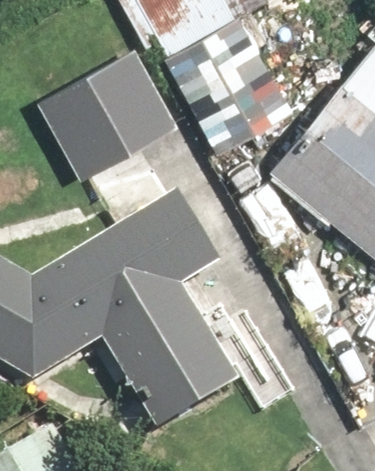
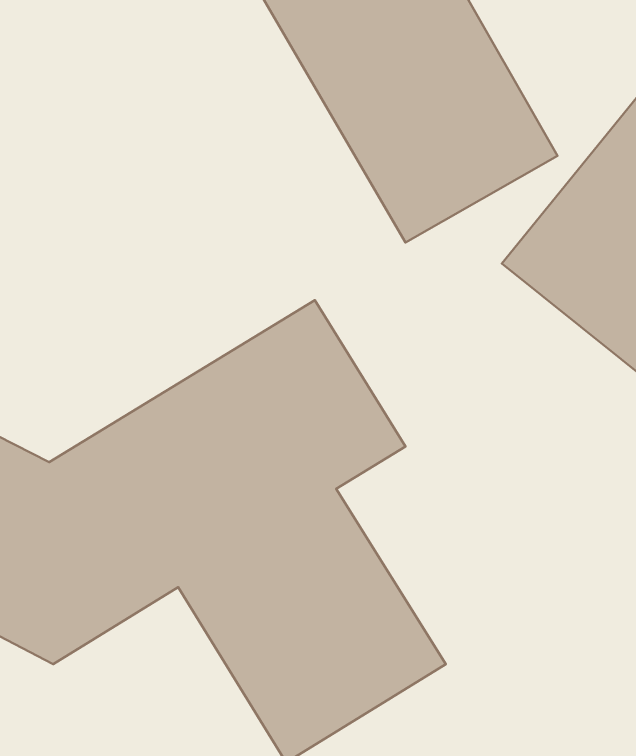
building: [36,43,186,180] -> none

